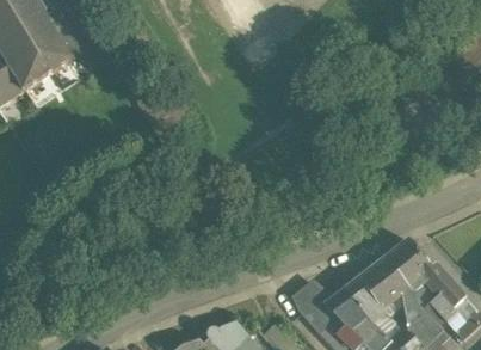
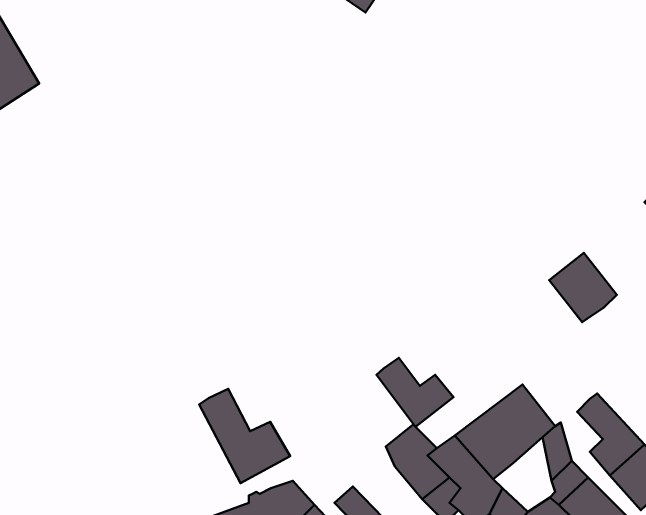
building: [386,239,430,284] -> [549,253,617,322]
building: none -> [376,358,454,427]
building: none -> [199,389,290,483]

